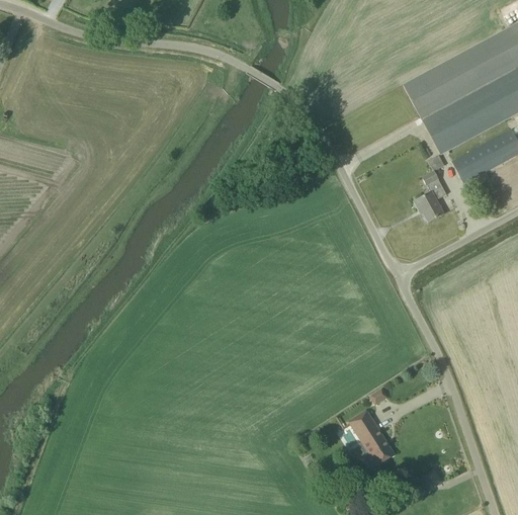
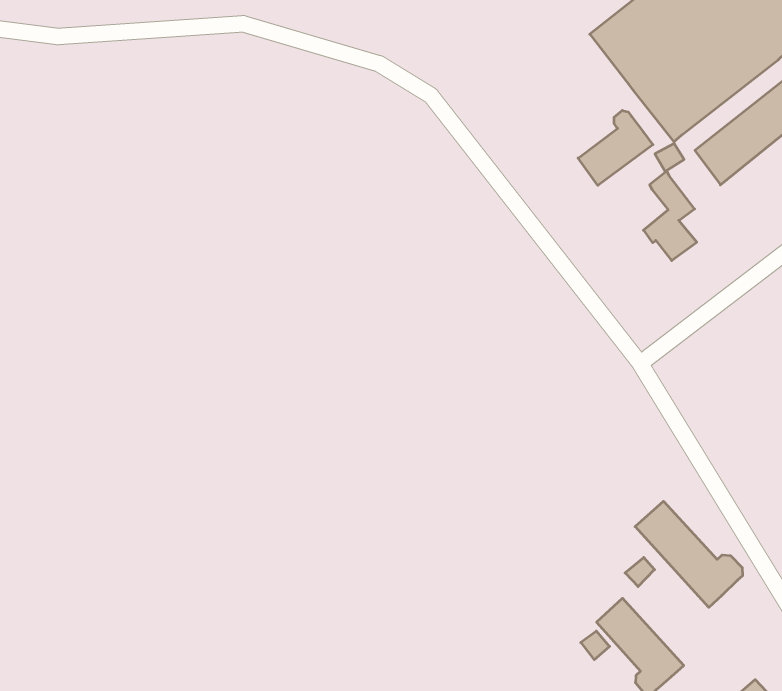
building: none -> [578,110,653,185]
building: none -> [635,501,743,607]

